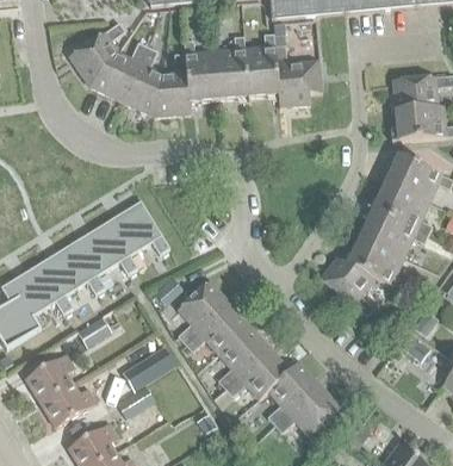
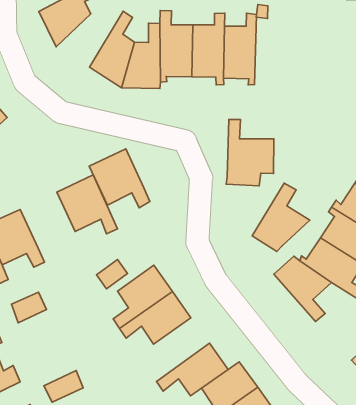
building: [91,42,149,101] -> none
building: [275,44,323,106] -> [226,120,274,186]
building: none -> [252,183,310,251]
building: [75,222,136,277] -> [89,149,150,208]
building: [215,324,267,387] -> none
building: [122,348,175,392] -> none

